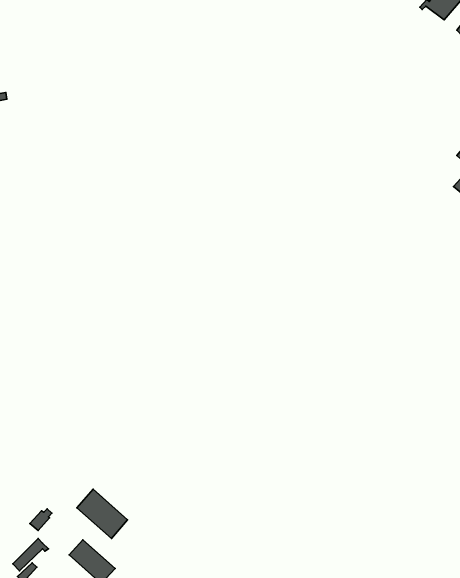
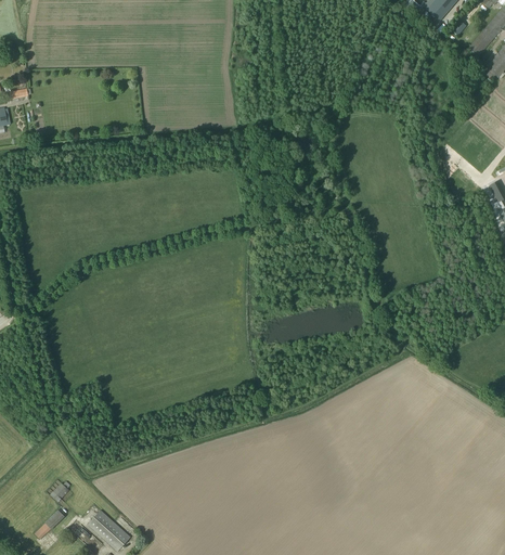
building: [77,489,128,538] -> none

